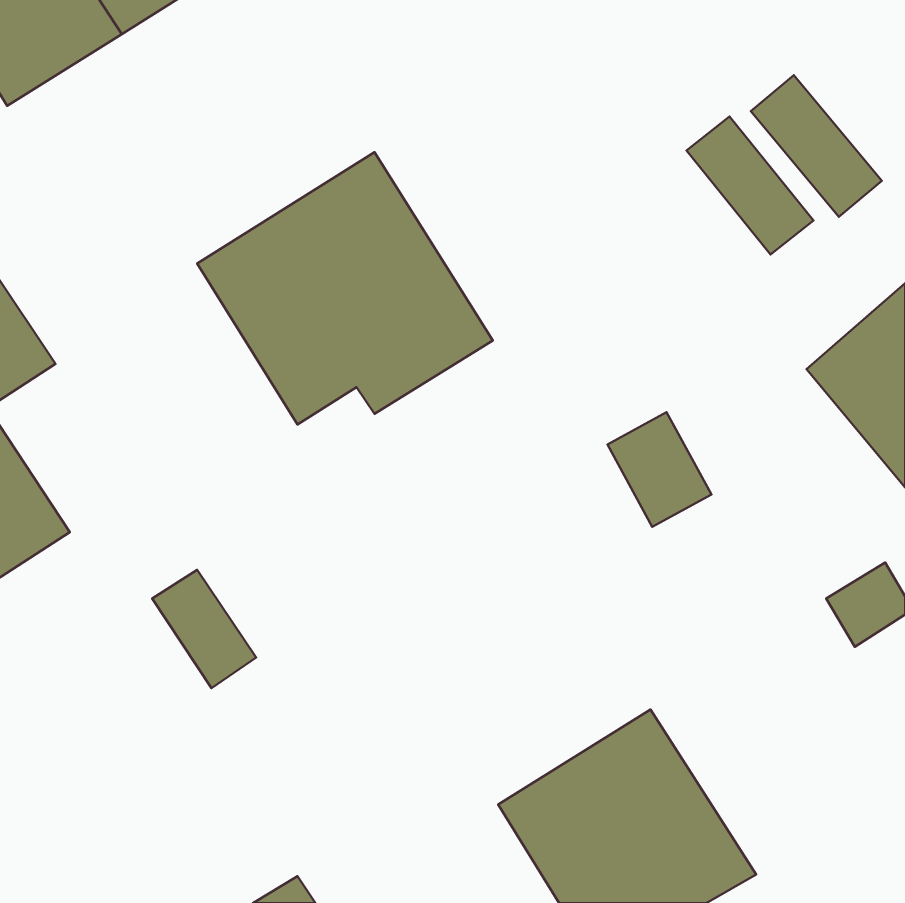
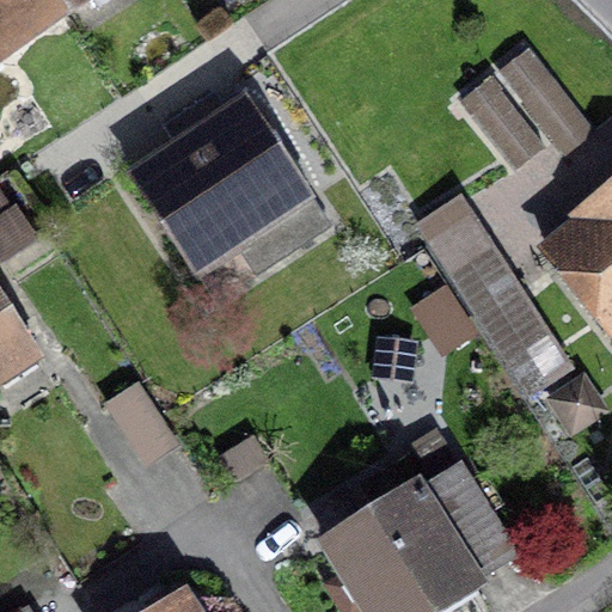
building: none -> [416,192,569,396]

